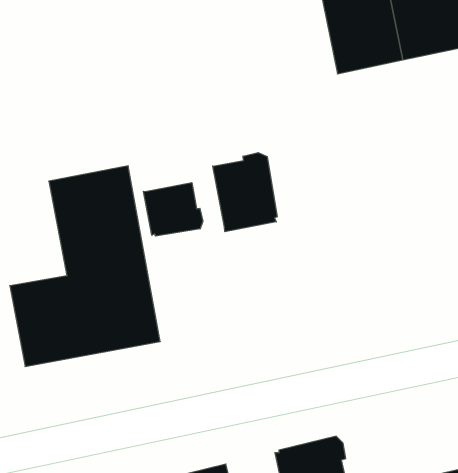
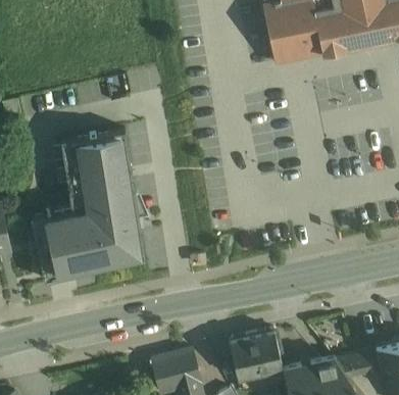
building: [213,153,277,232] -> none
building: [143,183,203,236] -> none

